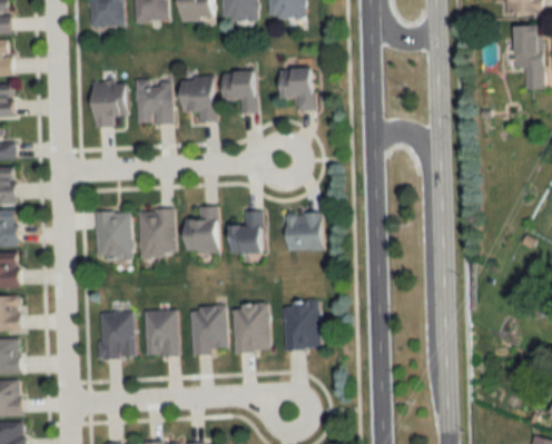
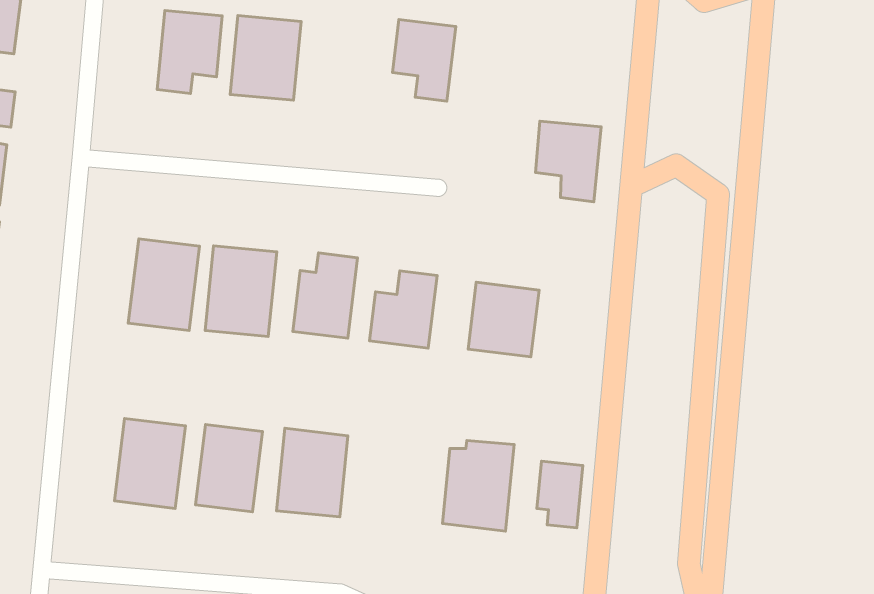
building: [282,68,317,110] -> [536,121,601,202]
building: [185,77,219,122] -> none
building: [234,304,270,353] -> none
building: none -> [537,461,583,528]

